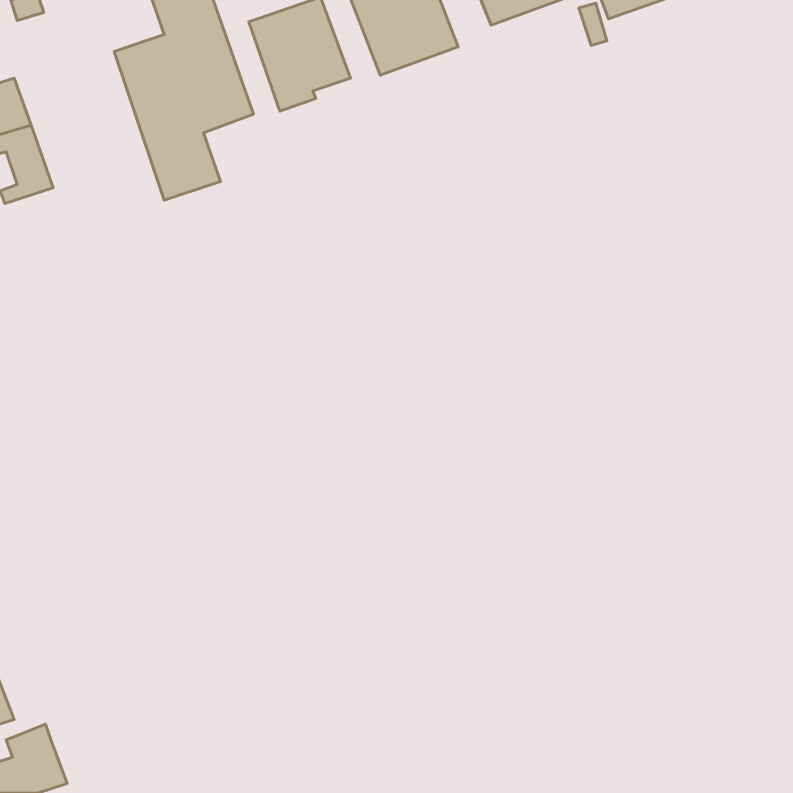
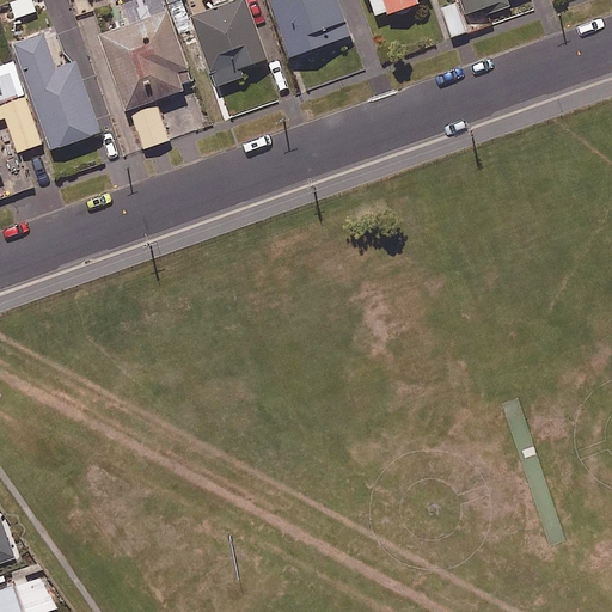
building: none -> [12,32,100,149]

